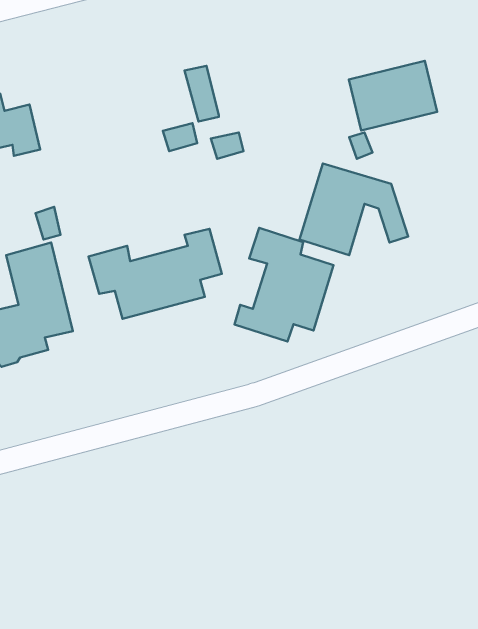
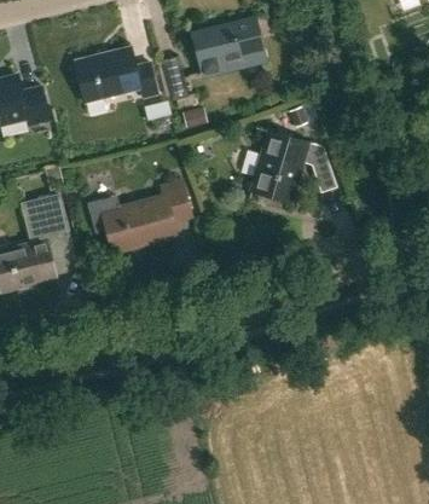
building: none -> [74,45,158,103]
building: [349,61,437,131] -> [192,19,261,74]
building: [234,228,334,341] -> none

